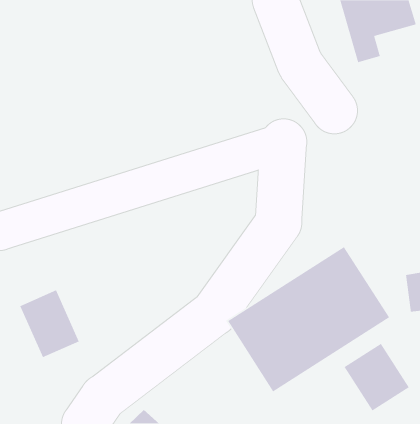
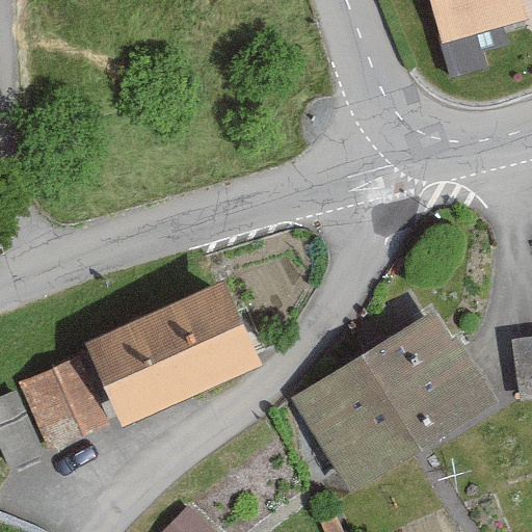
building: none -> [87,283,259,422]
building: [344,343,410,412] -> none

